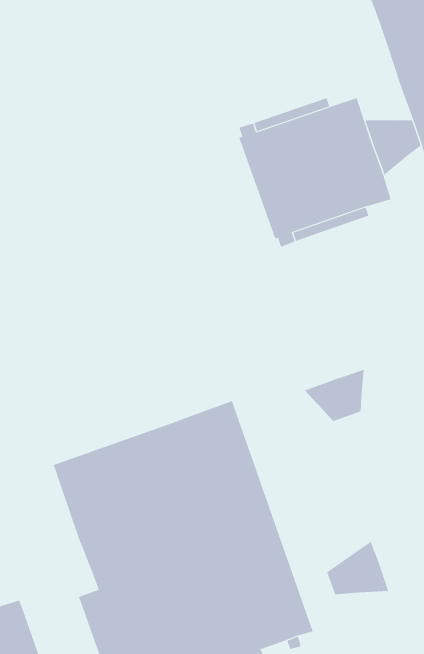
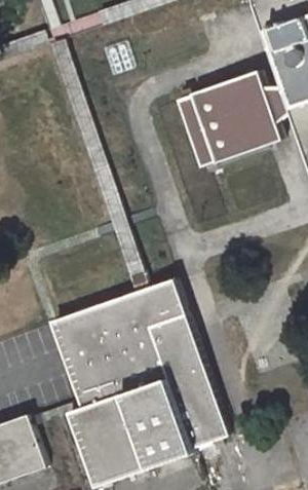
building: [304,369,364,422] -> none
building: [326,541,389,595] -> none

